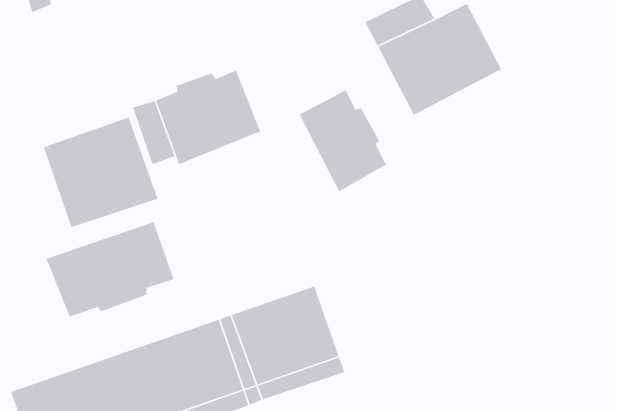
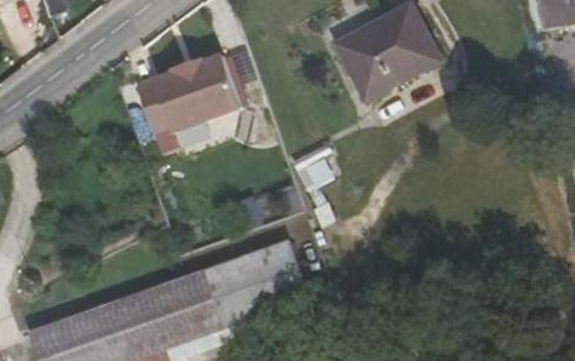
building: [298,89,387,193] -> none
building: [43,117,158,228] -> none
building: [45,221,174,318] -> none

